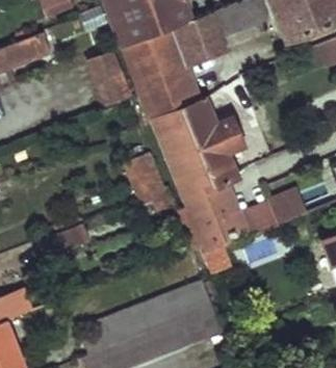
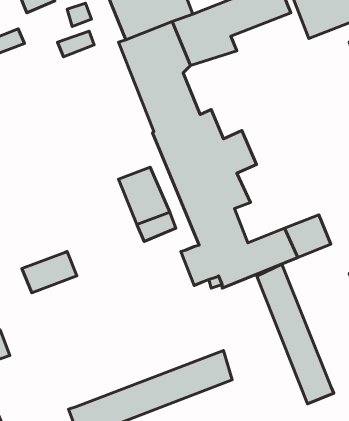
building: [87,49,129,102] -> none
building: none -> [257,264,334,404]
building: [85,281,216,352] -> none

